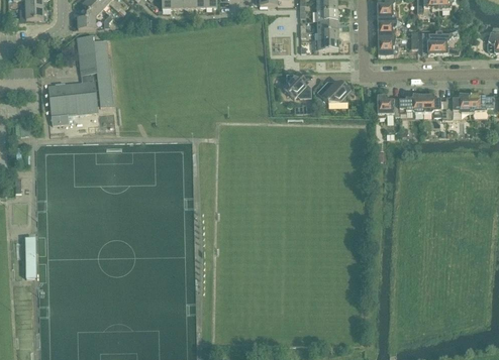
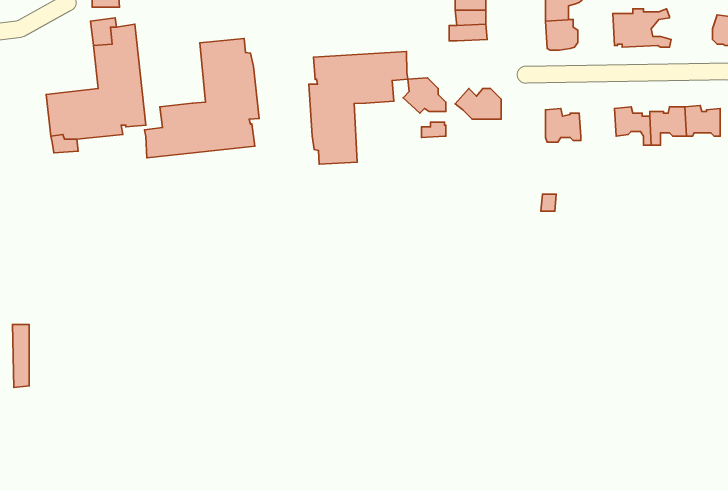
building: none -> [144,38,259,158]
building: none -> [309,52,408,164]
building: [398,93,422,112] -> none

